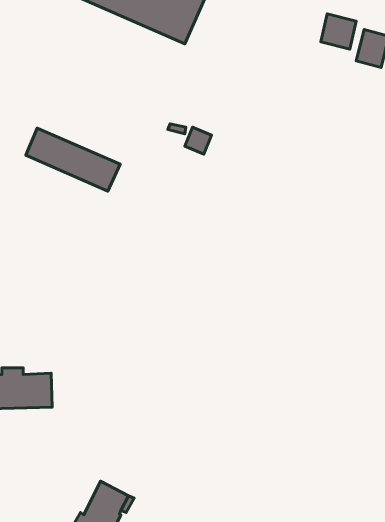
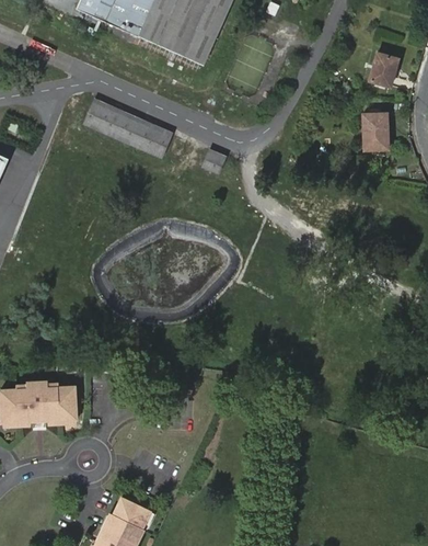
building: [321,14,356,49] -> none
building: none -> [360,113,391,152]
building: [26,128,120,191] -> [82,98,174,159]

